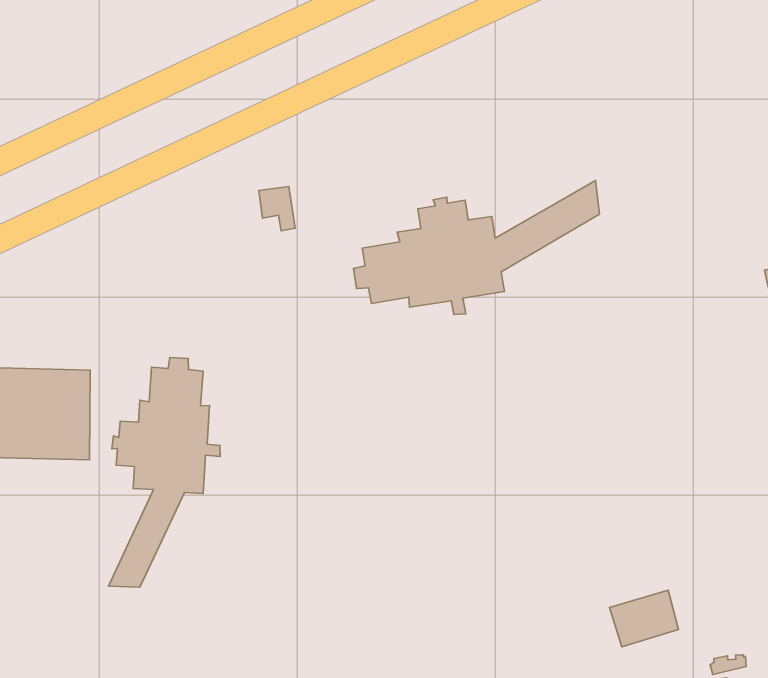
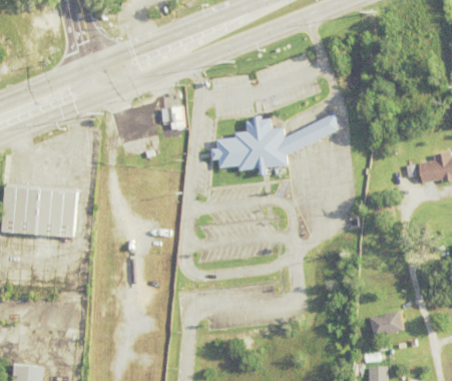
building: [109,357,220,587] -> none
building: [609,590,679,647] -> [367,310,401,337]

